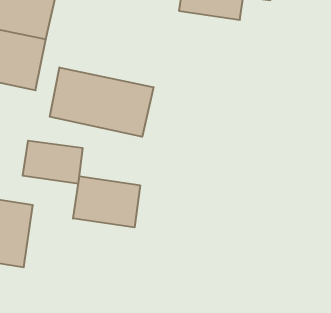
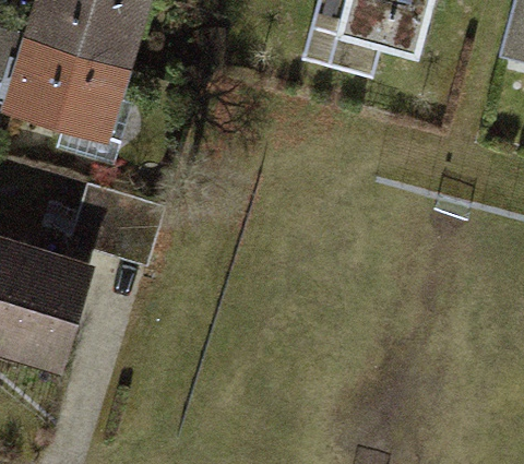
building: [50,67,153,137] -> none
building: [73,176,140,227] -> none

